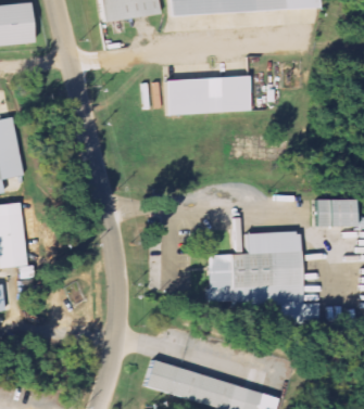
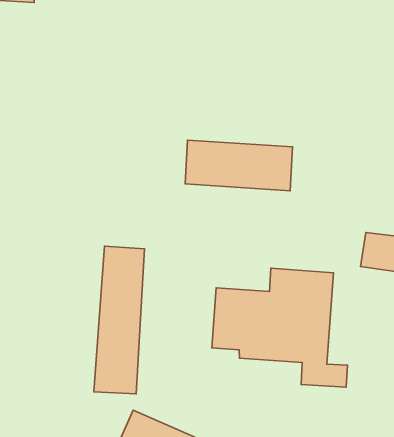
building: [164,77,250,116] -> [185,140,293,191]
building: none -> [94,246,145,394]

